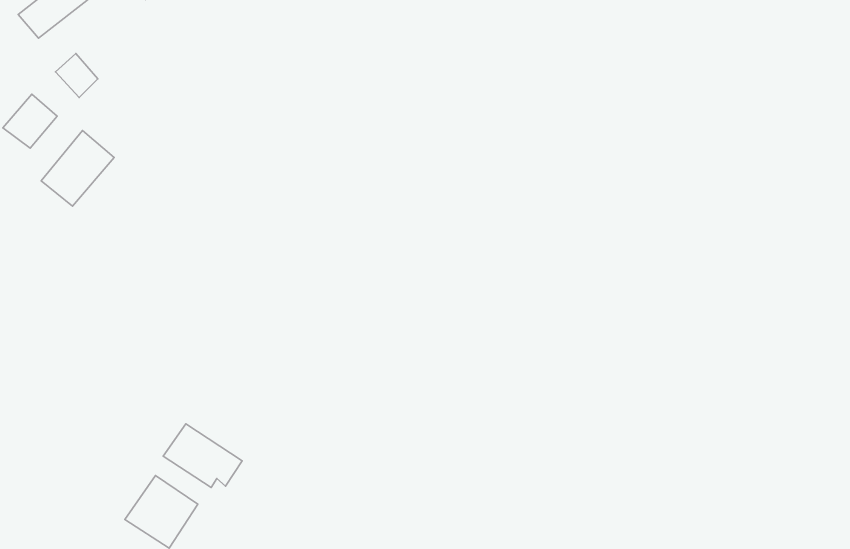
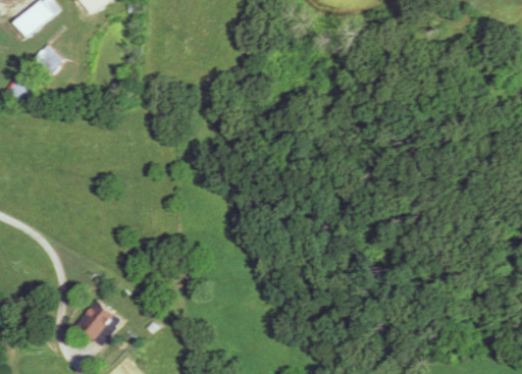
building: [41,131,114,206] -> none
building: [163,424,242,487] -> none

